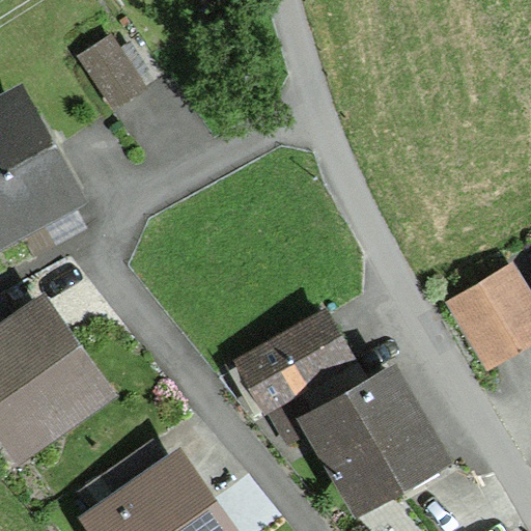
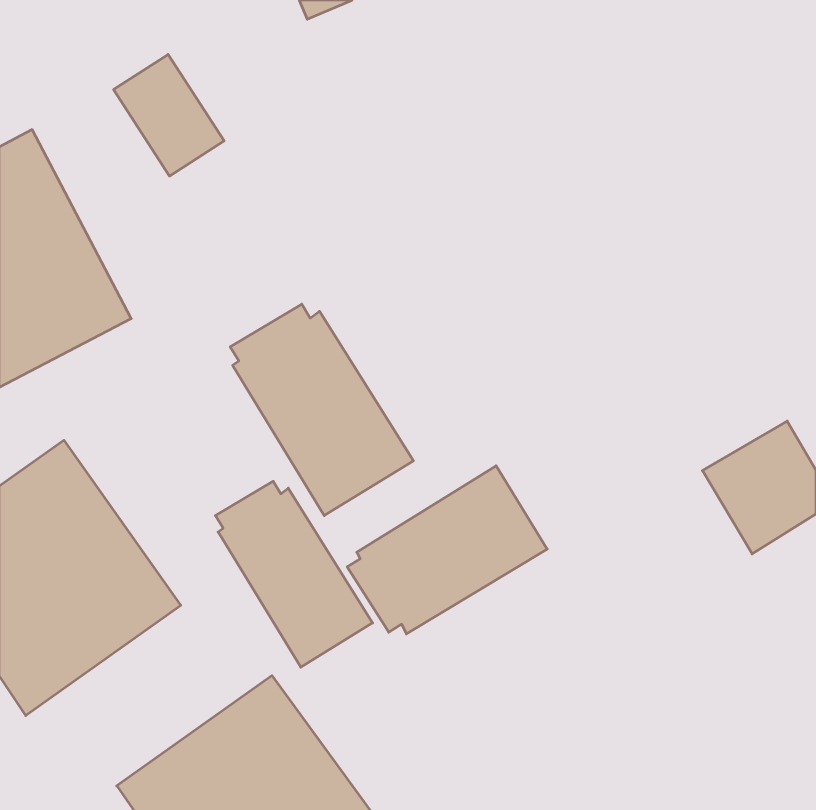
building: none -> [230,304,413,516]
building: none -> [215,481,373,667]
building: [296,358,452,513] -> none

